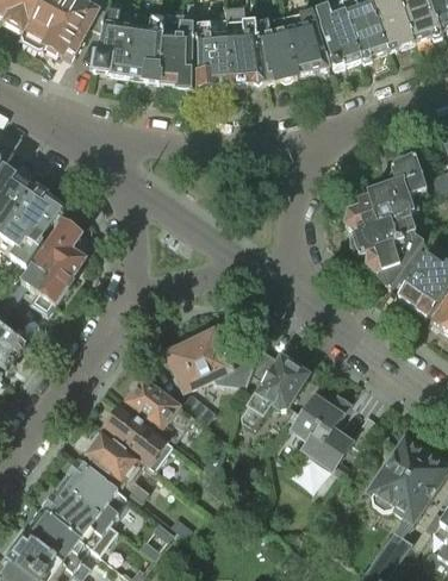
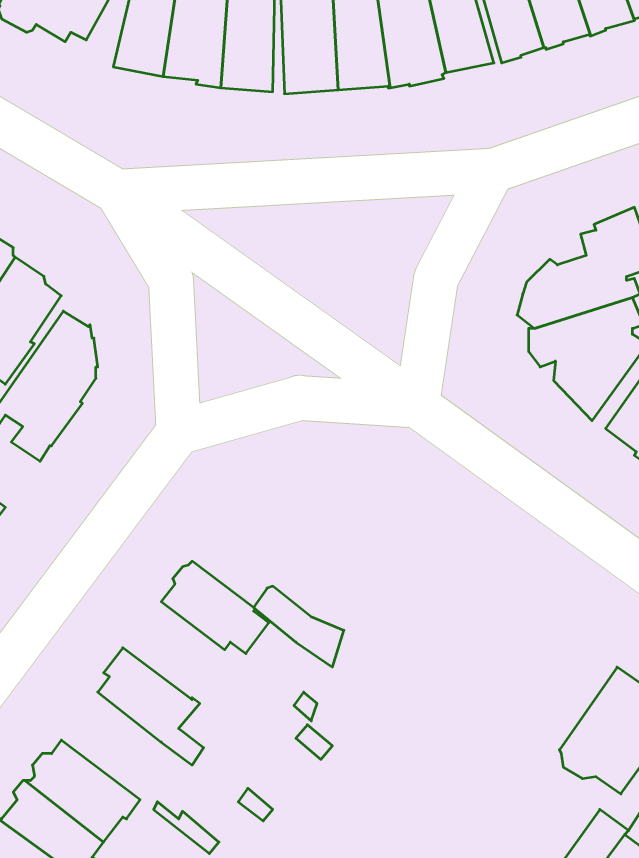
building: [168,329,239,388] -> none
building: [241,349,309,425] -> none
building: [282,393,380,475] -> none
building: [99,405,173,469] -> none
building: [61,460,118,523] -> none

